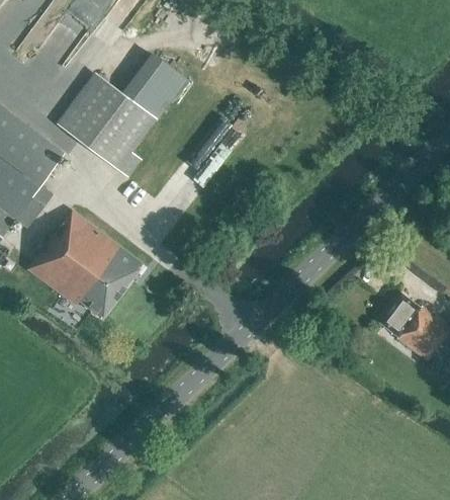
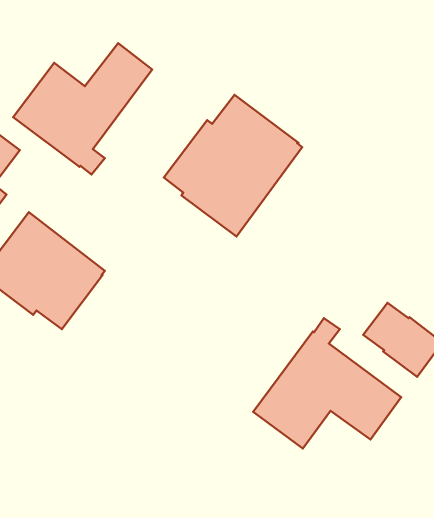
building: none -> [164,95,302,237]
building: none -> [253,318,401,448]

